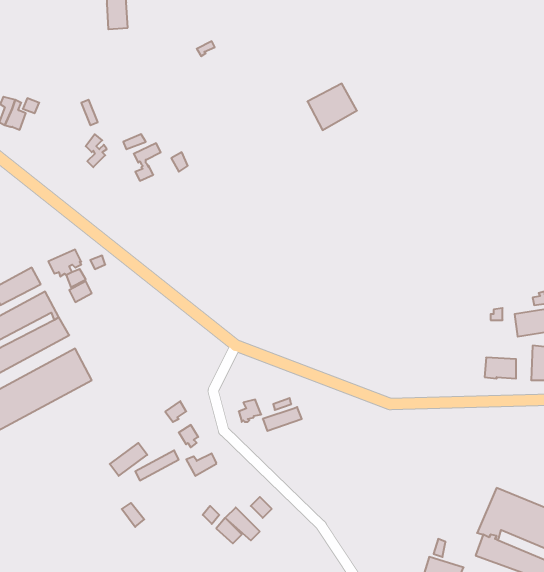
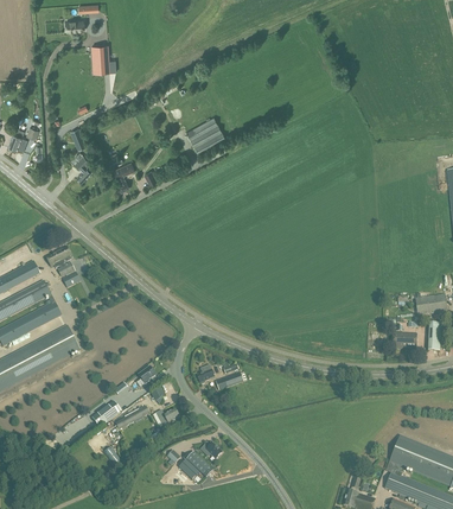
building: [307,84,357,130] -> [186,117,225,154]

